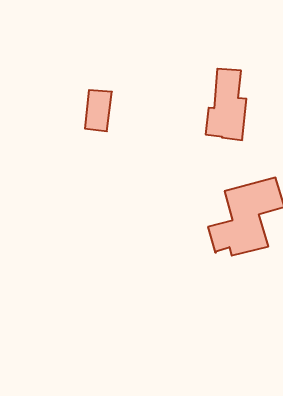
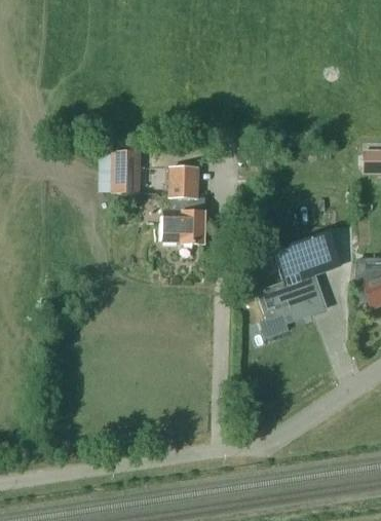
building: [206,69,246,140] -> [163,166,205,244]

